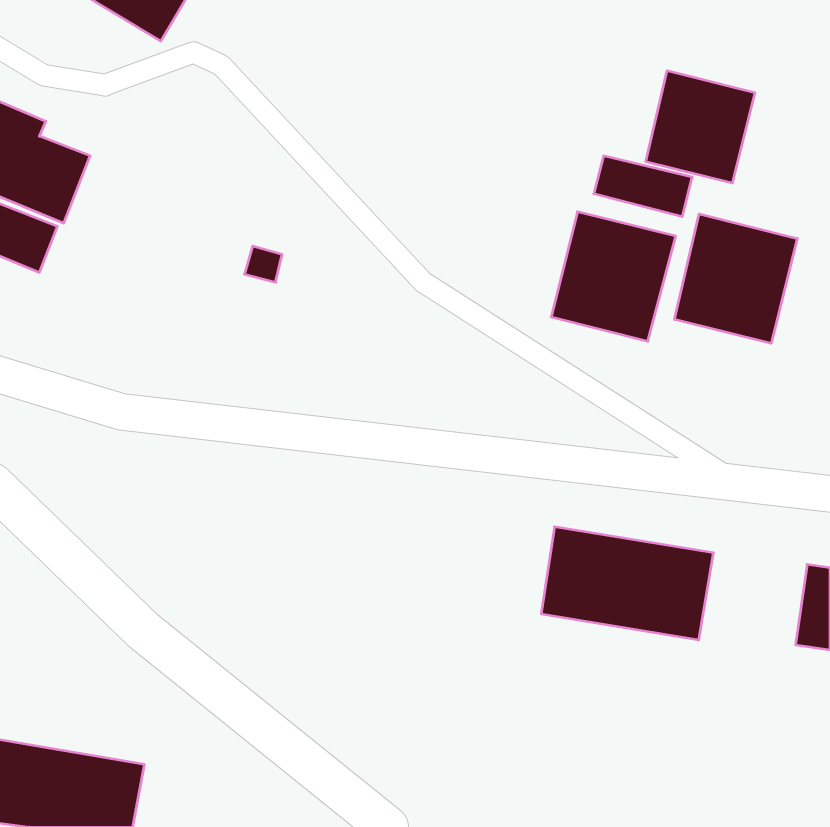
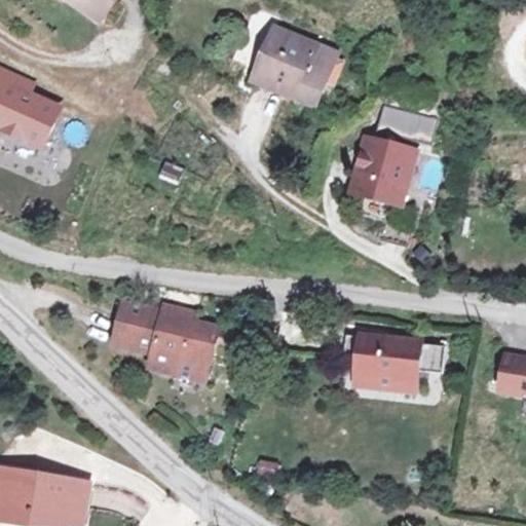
building: none -> [241,17,340,109]
building: [646,71,755,183] -> none
building: [675,214,797,343] -> none
building: none -> [112,299,220,386]

